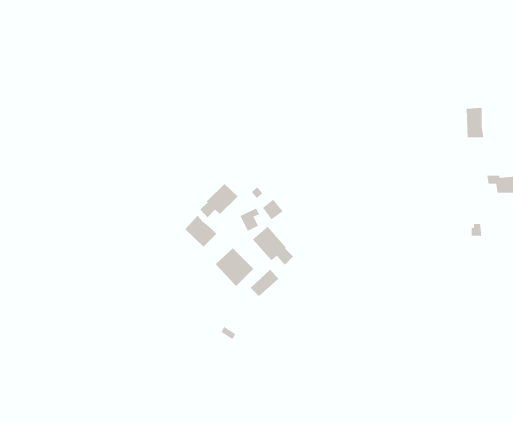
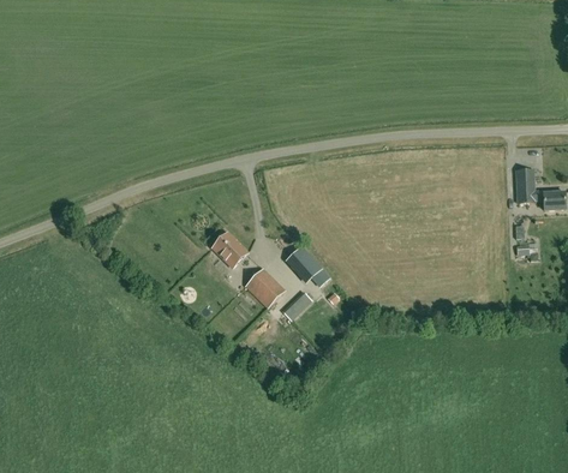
building: [466,107,484,138] -> [516,169,536,202]
building: [199,183,238,218] -> none

